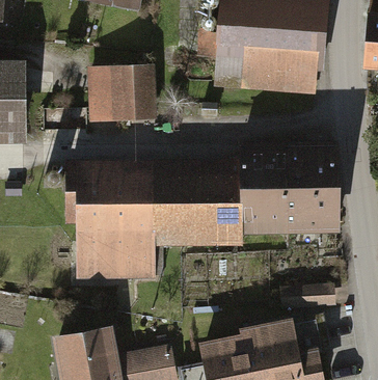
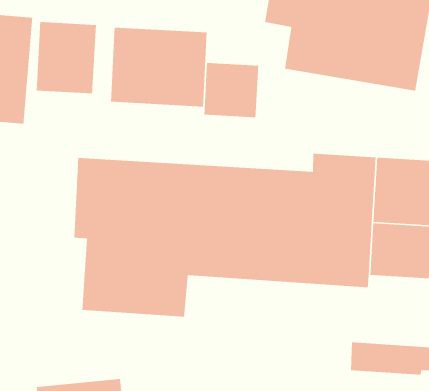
building: none -> [36,21,97,94]
building: none -> [203,62,259,118]

